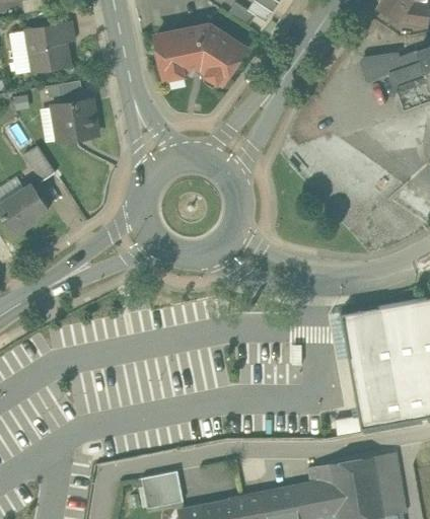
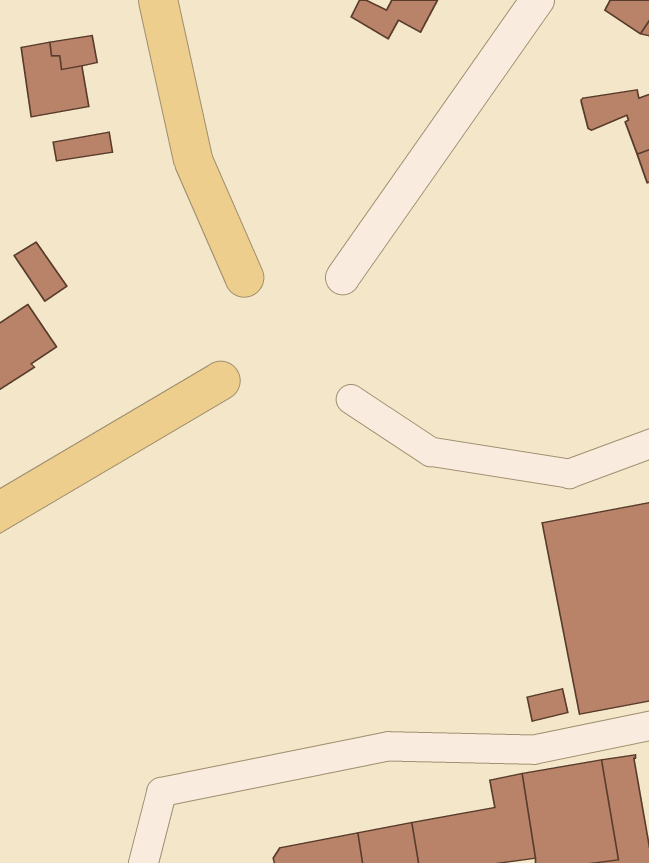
building: [155,25,244,83] -> none
building: [54,99,96,142] -> none
building: [138,468,182,506] -> none

